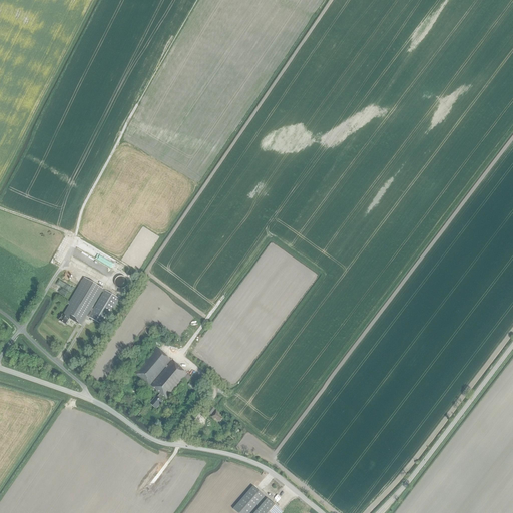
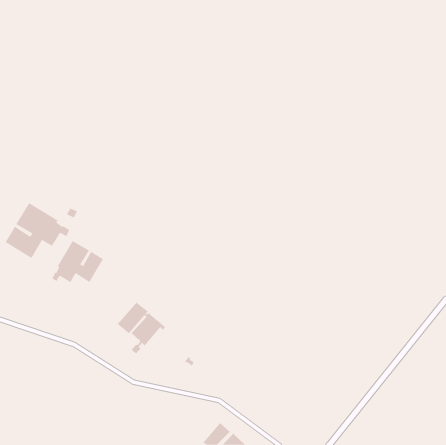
building: none -> [5,202,70,259]

